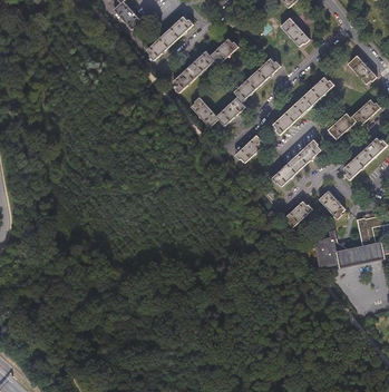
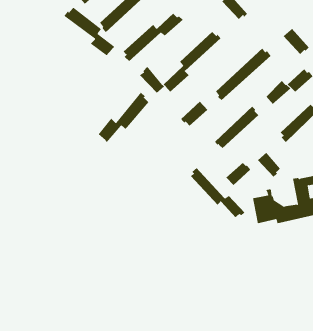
building: none -> [63,7,115,56]
building: none -> [98,92,149,143]
building: none -> [190,167,245,218]

